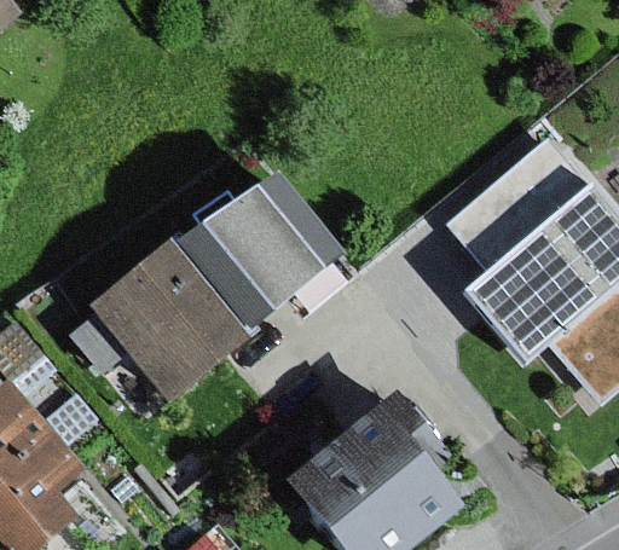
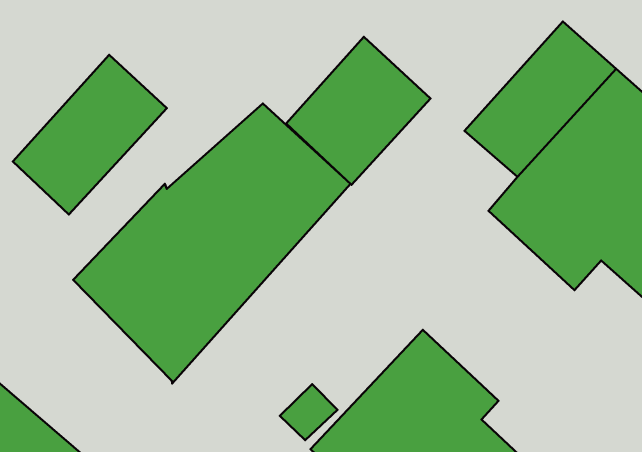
building: none -> [13,55,167,215]
building: none -> [286,37,431,185]

